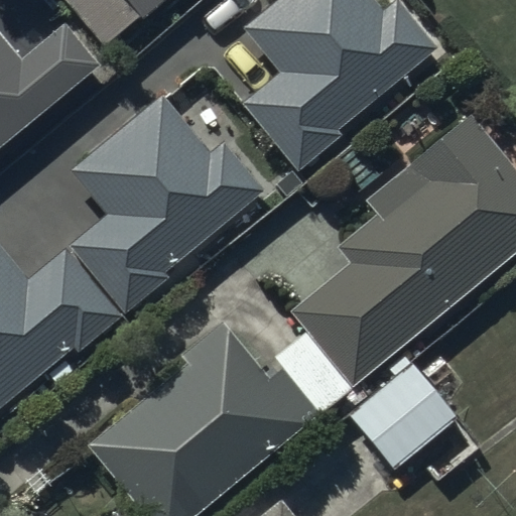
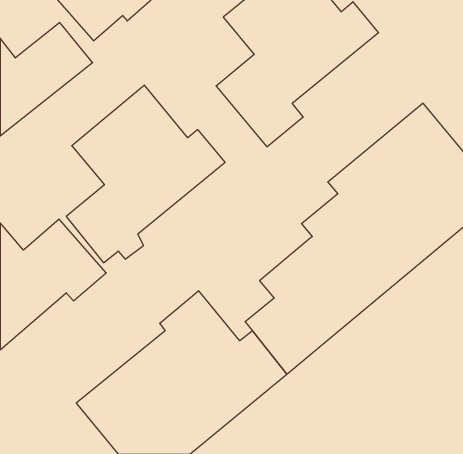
building: [348,363,457,471] -> none

